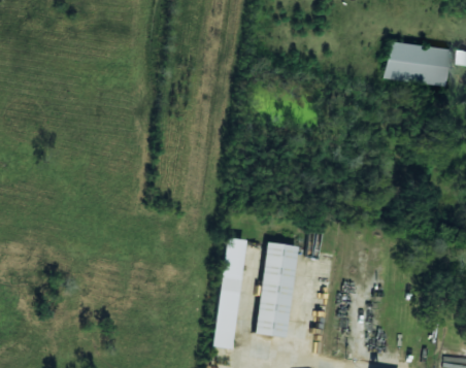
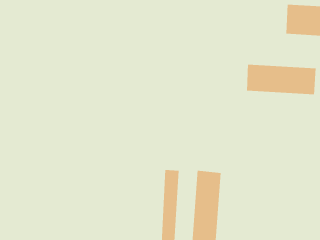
building: none -> [246,64,316,95]

